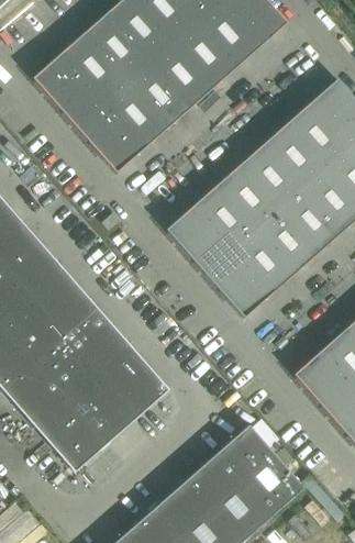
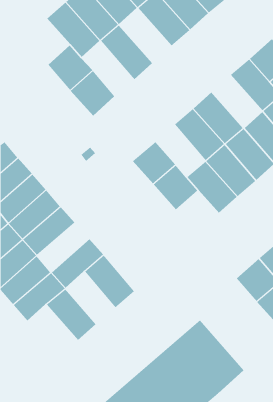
building: [149,40,214,108] -> none
building: [33,53,89,110] -> none
building: [103,80,168,148] -> none
building: [264,122,326,188] -> none
building: [195,184,256,248] -> none
building: [220,265,273,318] -> none
building: [48,304,113,366] -> none
building: [84,365,145,430] -> none
building: [36,406,99,472] -> none

